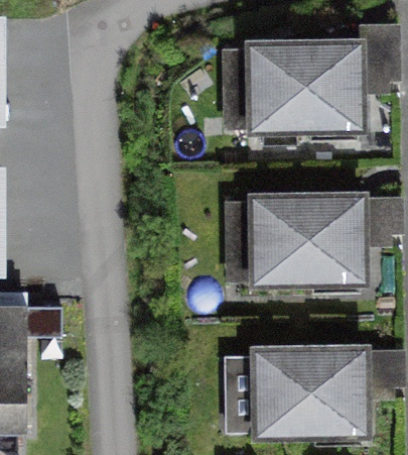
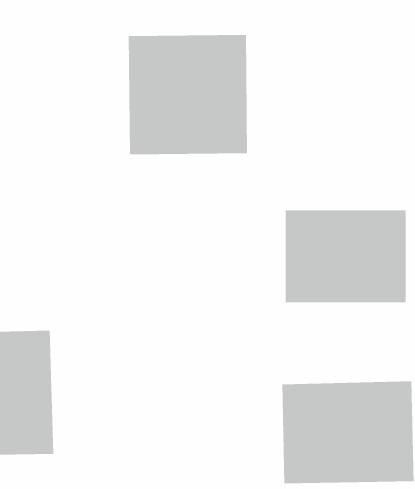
building: none -> [128,34,248,155]
building: [256,46,355,124] -> none

